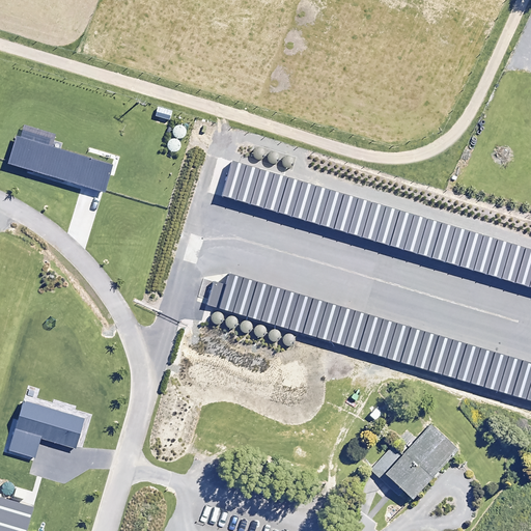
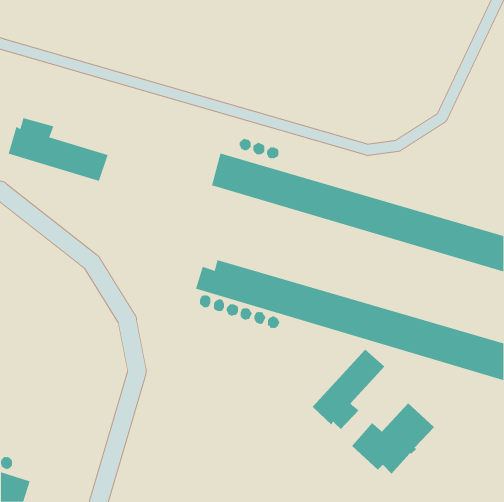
building: none -> [312,349,385,430]
building: [8,398,85,456] -> none

